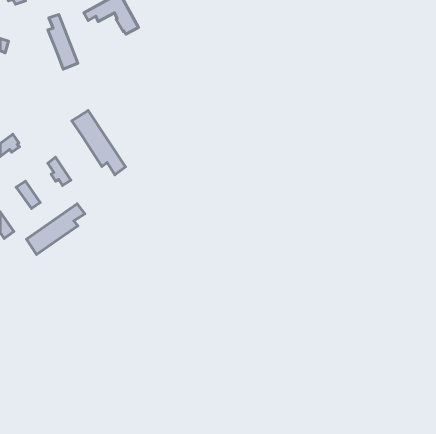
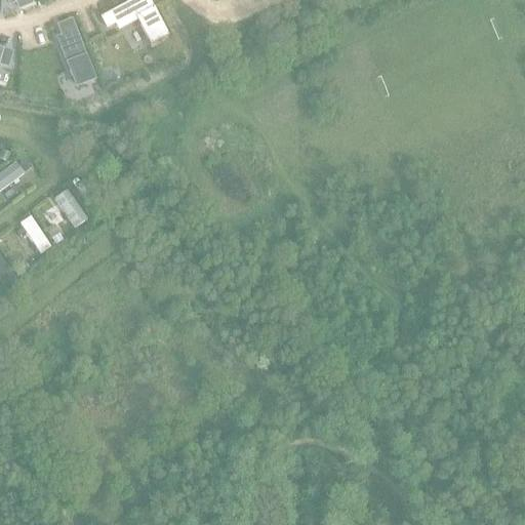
building: [72,111,126,175] -> none
building: [27,204,85,254] -> none

